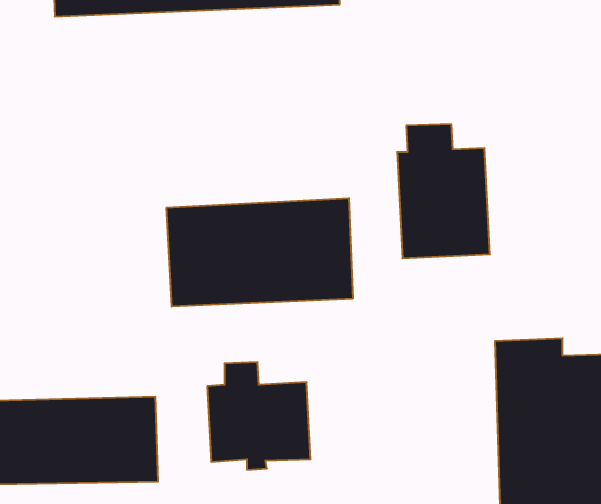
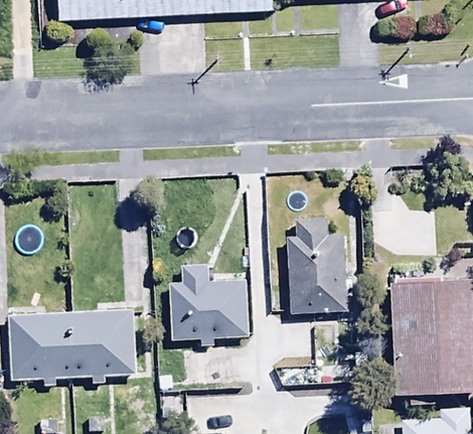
building: [397,124,490,258] -> [287,211,357,313]
building: [167,198,353,307] -> none

